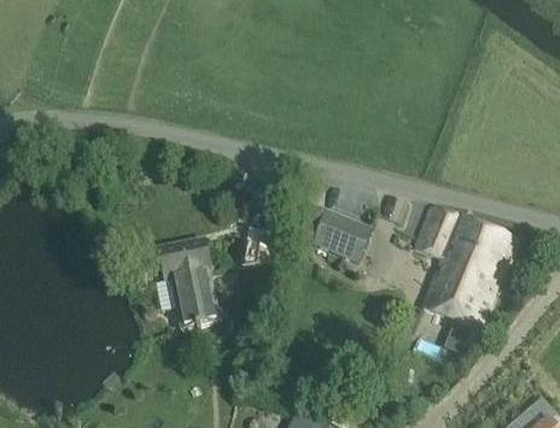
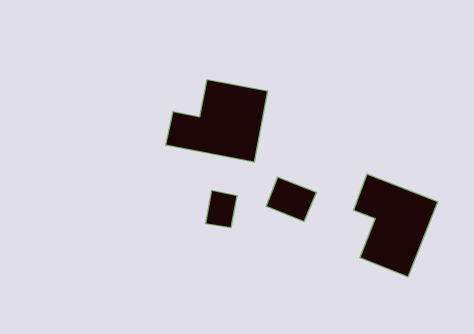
building: none -> [166,80,268,162]
building: [156,236,218,328] -> none

